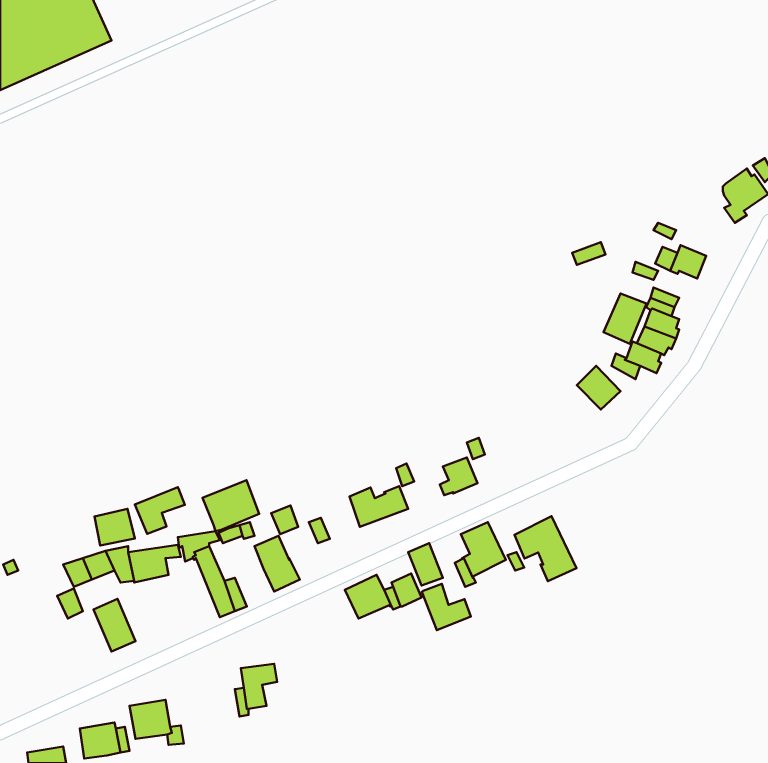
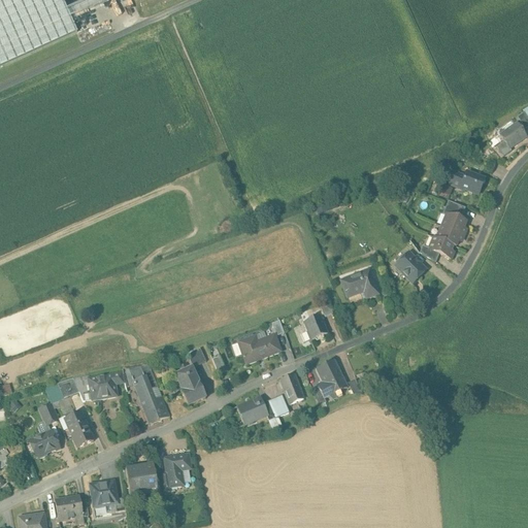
building: [603,294,646,344] -> none
building: none -> [341,269,377,296]
building: [203,480,259,531] -> none
building: [135,487,185,534] -> none
building: [94,509,135,545] -> none
building: [515,516,577,581] -> none
building: [422,584,471,630] -> none
building: none -> [30,430,60,456]
building: none -> [126,465,159,499]

